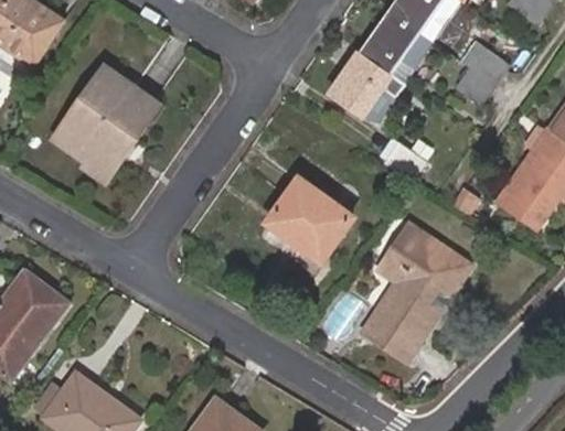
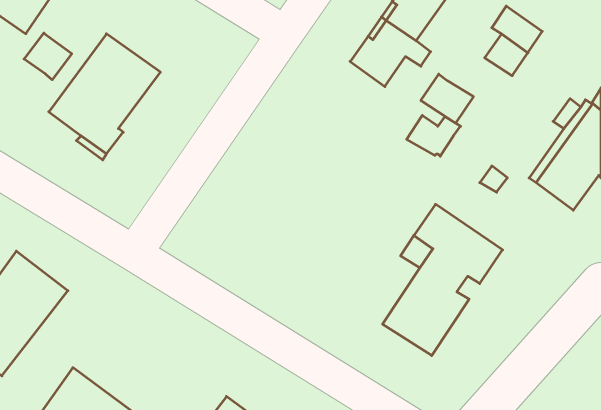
building: none -> [24,33,72,80]
building: none -> [421,74,473,123]
building: [265,176,352,262] -> none

